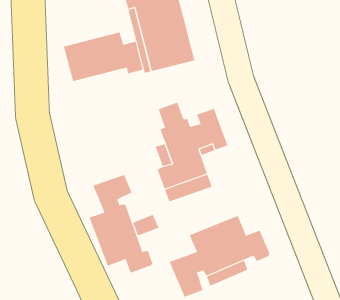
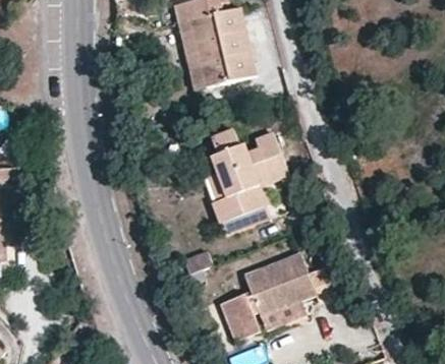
building: [63,32,143,82] -> none
building: [89,174,153,273] -> none

